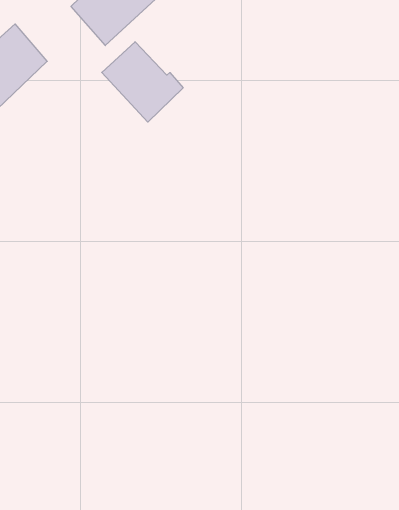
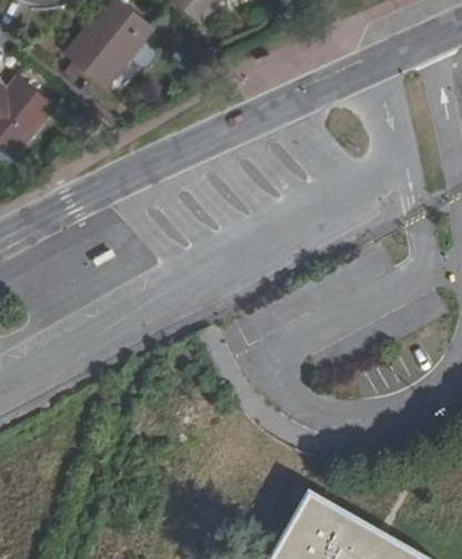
building: [102,42,183,122] -> none

